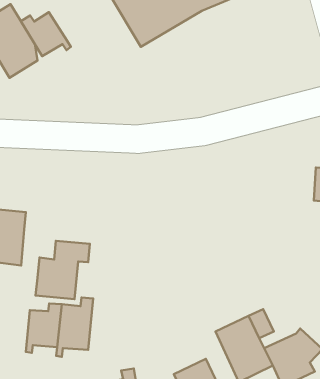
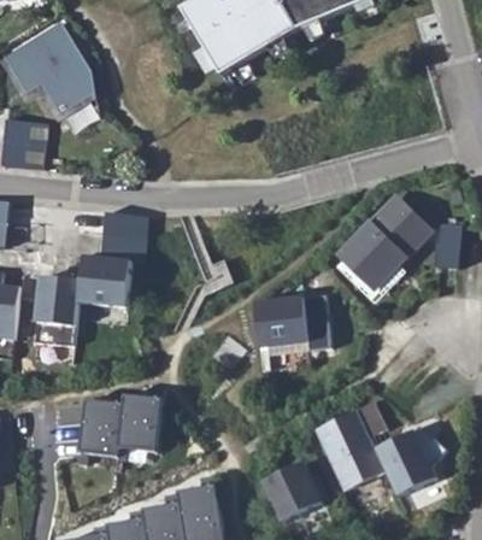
building: [21,12,71,56] -> none
building: none -> [340,198,428,286]
building: none -> [254,294,330,350]
building: [36,241,90,299] -> [77,234,145,306]

